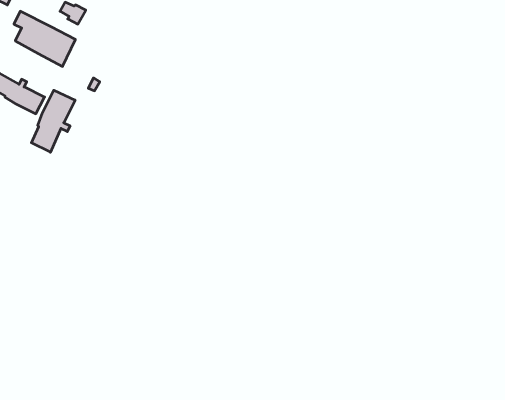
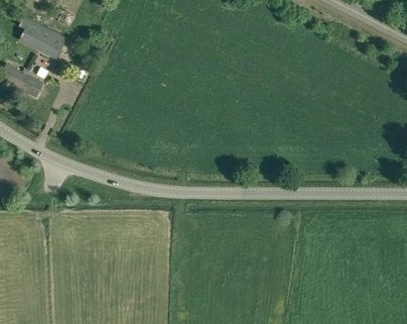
building: [31,90,75,152] -> none

